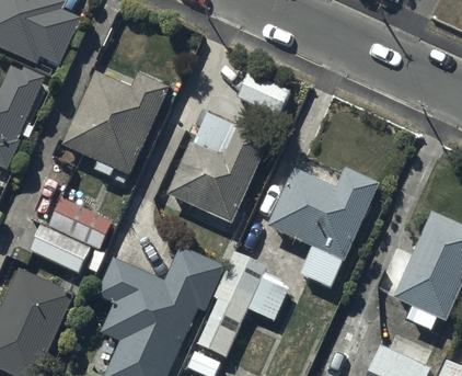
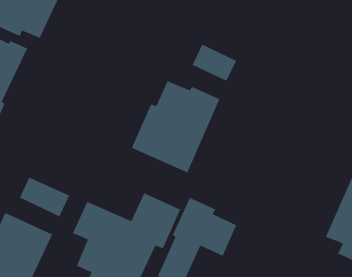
building: [66,73,172,178] -> none
building: [268,166,379,286] -> none
building: [50,198,116,251] -> none

